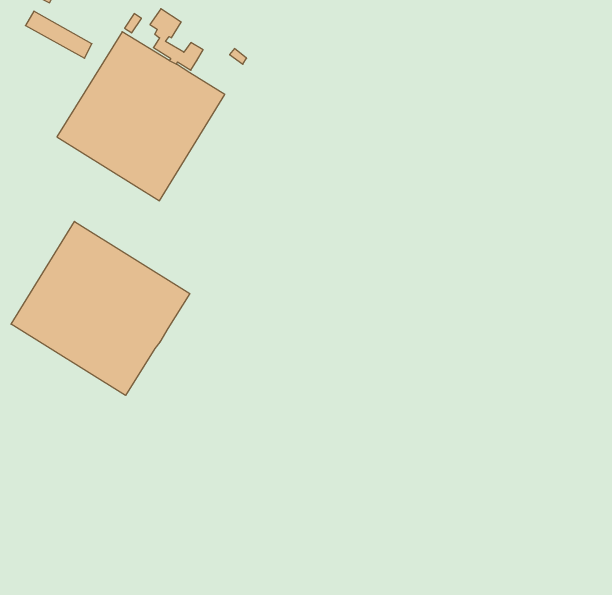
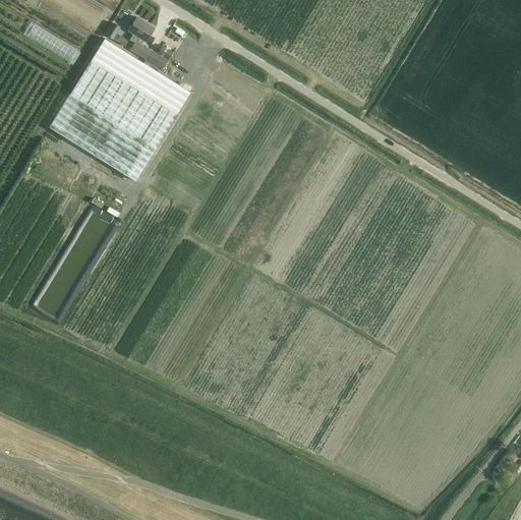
building: [11,221,190,395] -> none

